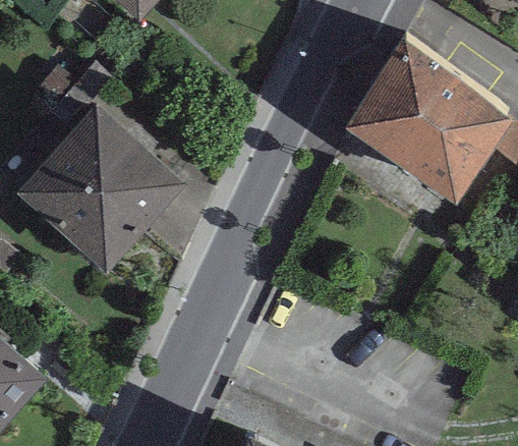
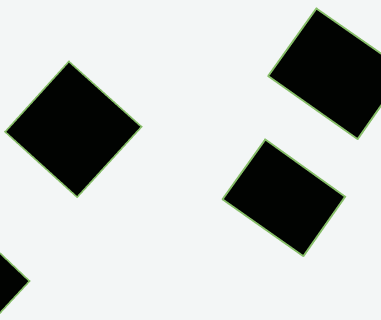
building: none -> [223,139,345,256]

